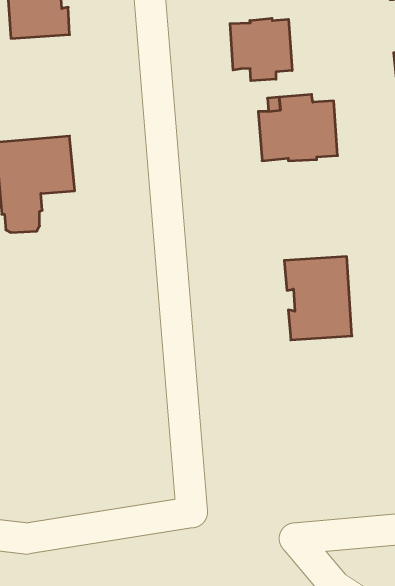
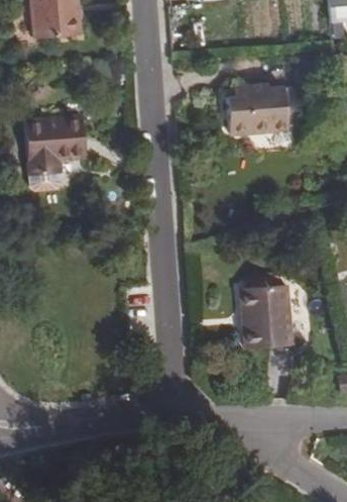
building: [230,18,292,81] -> none
building: [284,257,352,340] -> [240,284,293,348]

